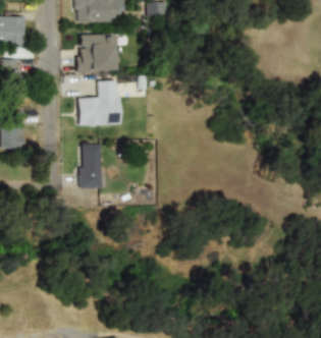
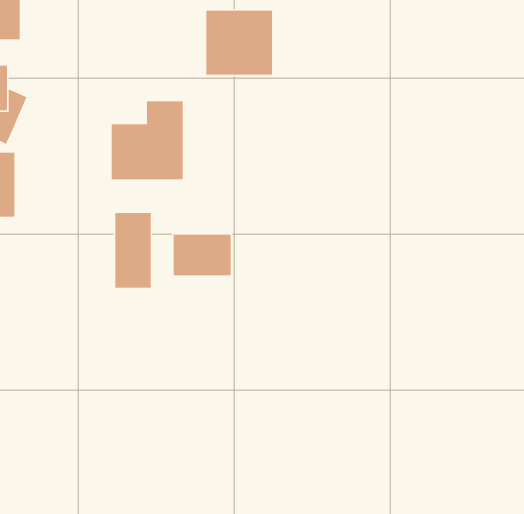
building: [77,34,116,71] -> [205,10,273,75]
building: none -> [173,234,232,276]

